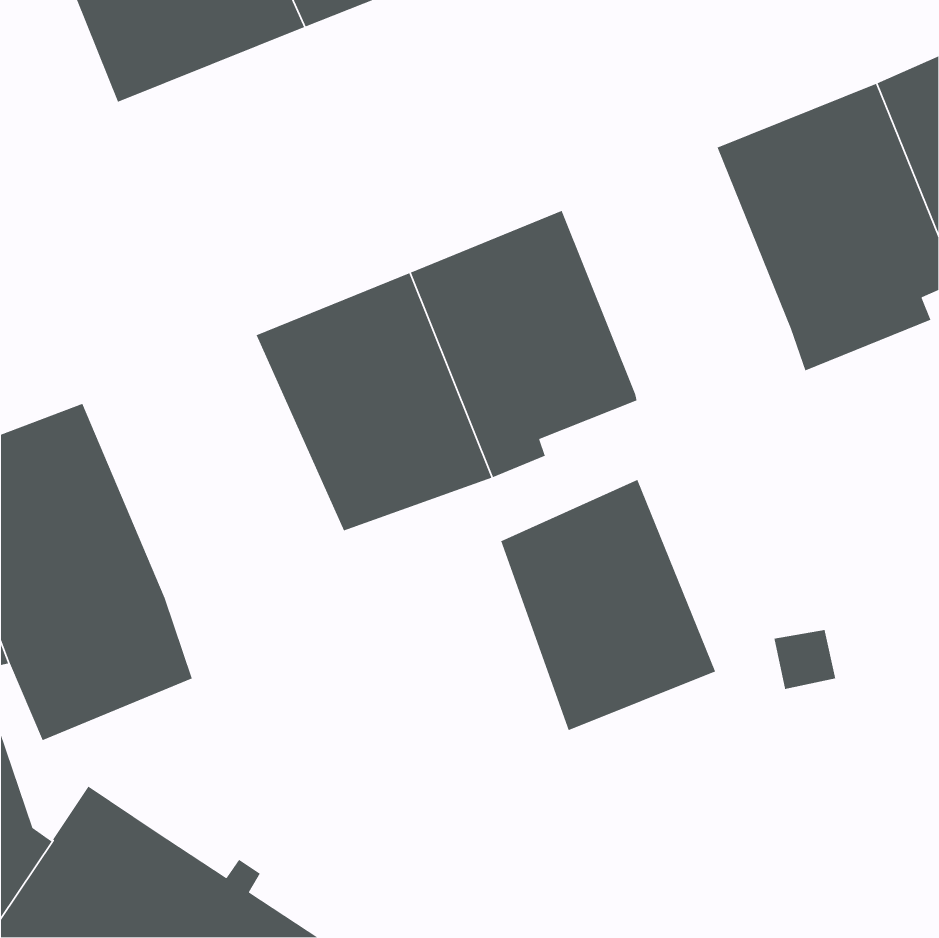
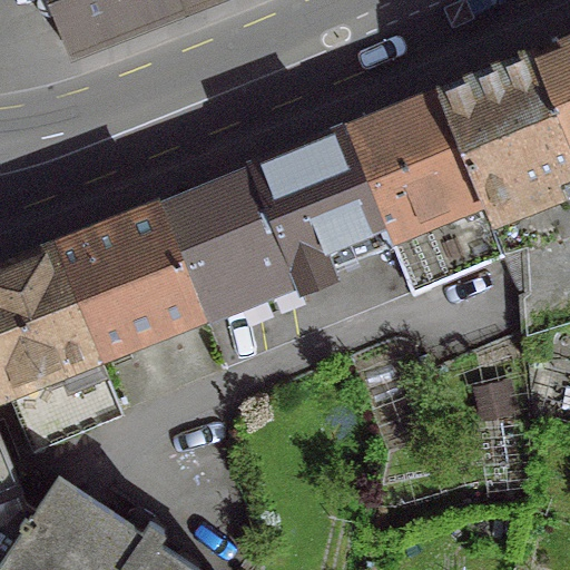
building: none -> [341,89,500,287]
building: none -> [50,203,208,362]
building: [500,479,716,731] -> none

